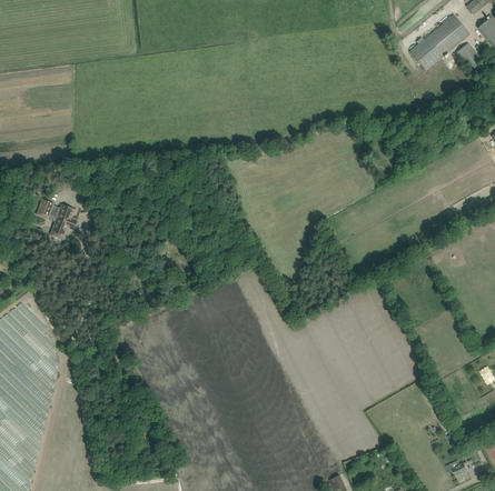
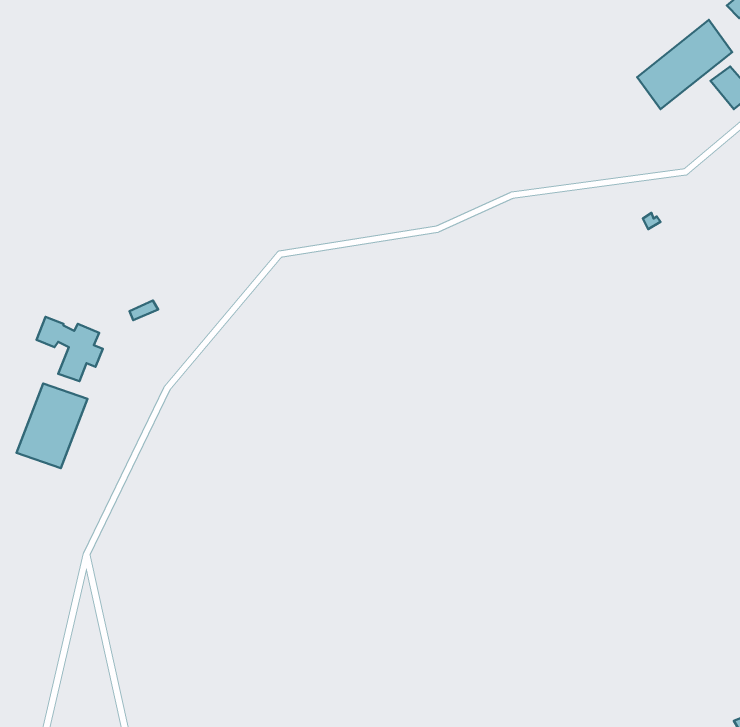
building: none -> [17,383,88,468]

